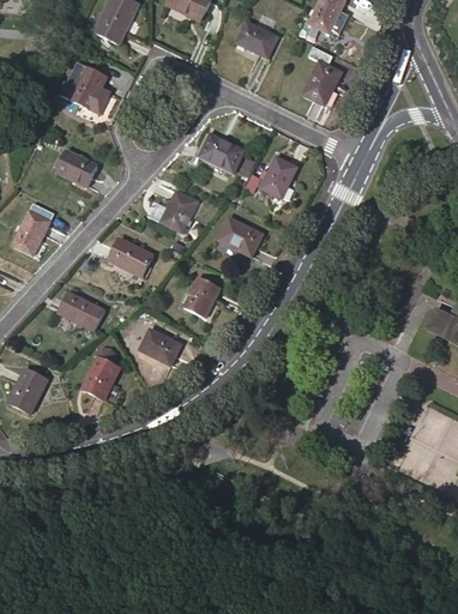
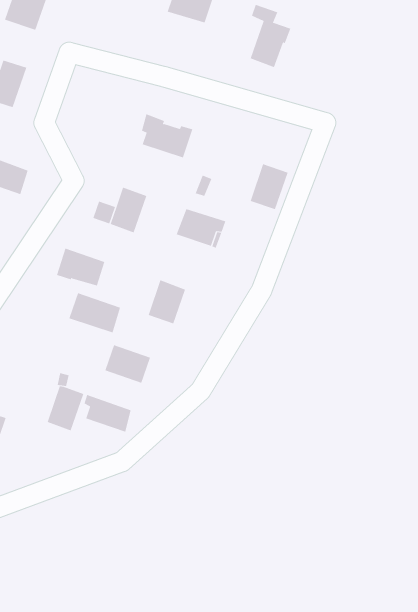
building: [260,156,297,198] -> [250,164,289,210]
building: [58,290,104,330] -> [69,293,121,333]
building: none -> [84,394,131,432]

